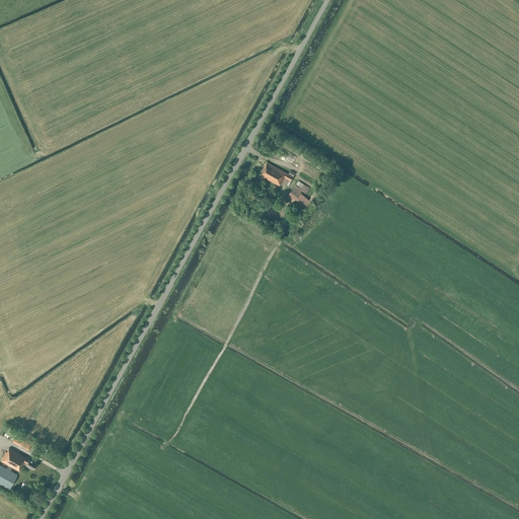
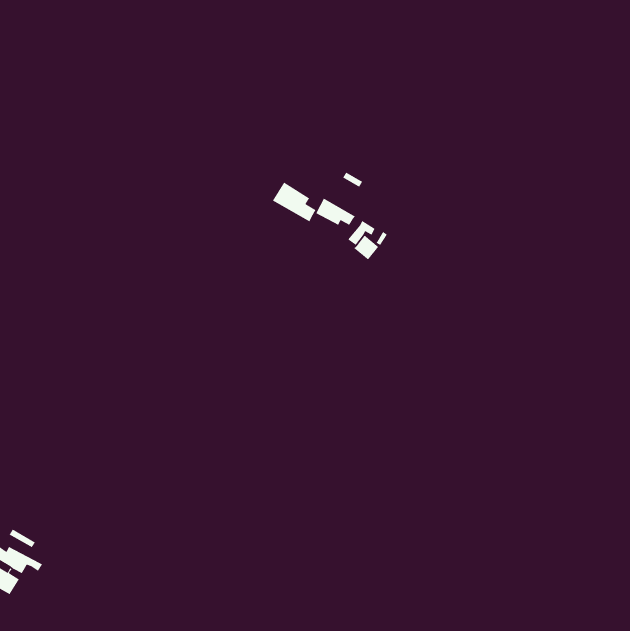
building: none -> [272,182,316,222]

